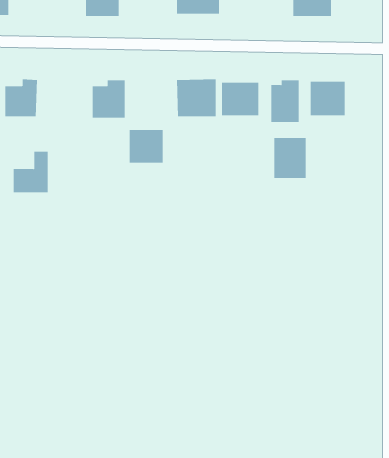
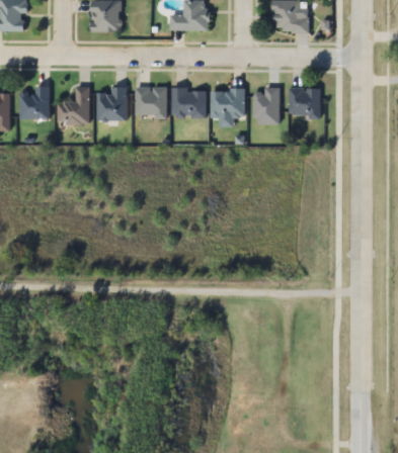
building: [129,130,163,163] -> [136,87,166,116]
building: [274,137,306,179] -> none
building: [13,151,49,193] -> [58,87,89,123]

